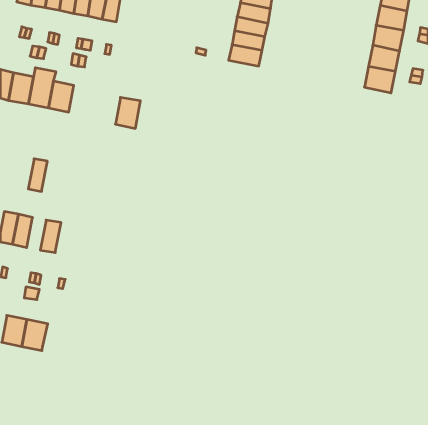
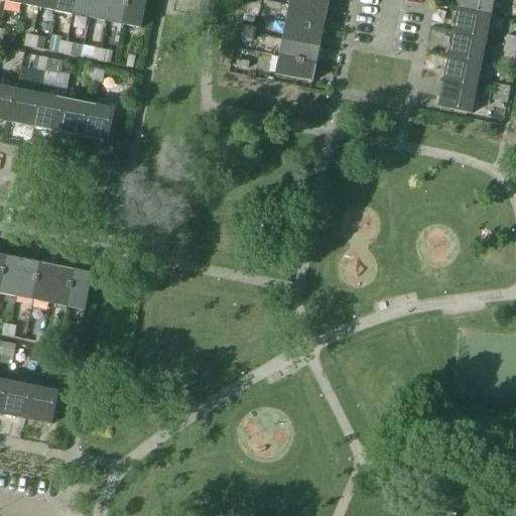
building: [115,97,140,128] -> [83,103,113,140]
building: [28,159,47,191] -> [32,262,55,301]
building: none -> [67,268,91,308]

